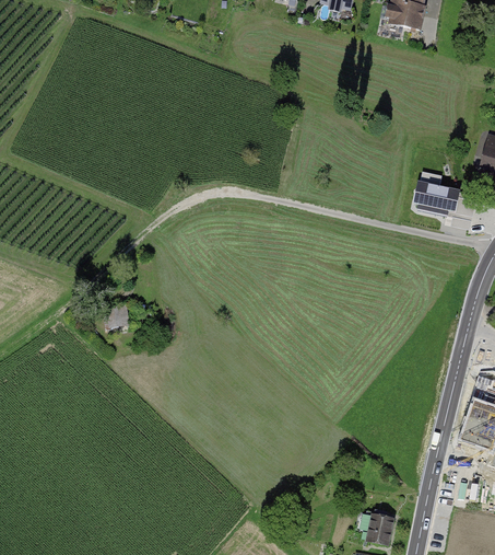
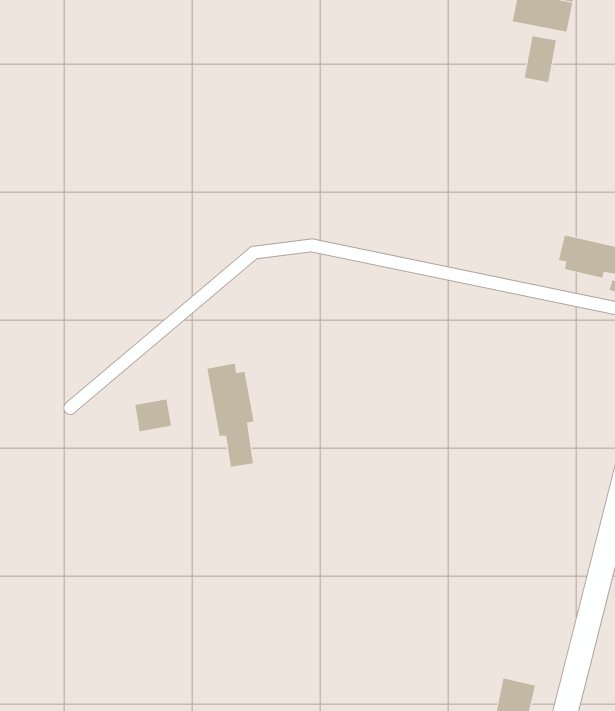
building: none -> [524,35,557,83]
building: none -> [207,363,254,468]

